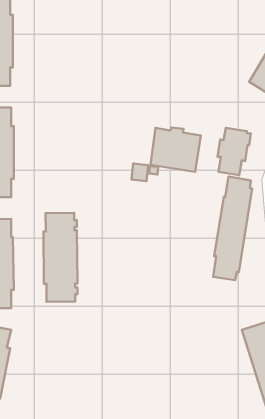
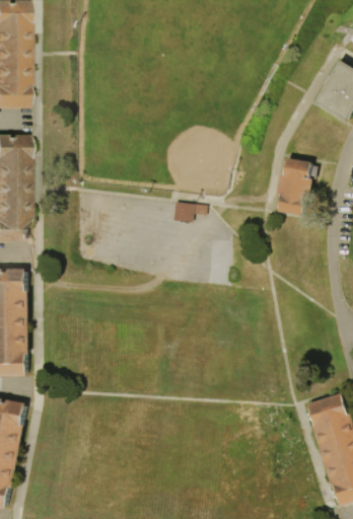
building: [150,127,201,172] -> none
building: [213,176,252,280] -> none
building: [43,213,78,302] -> none

